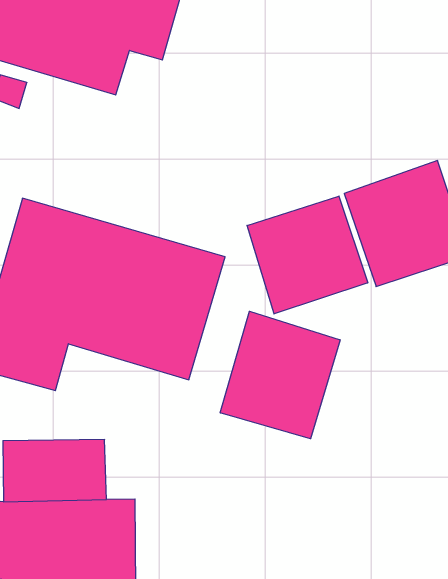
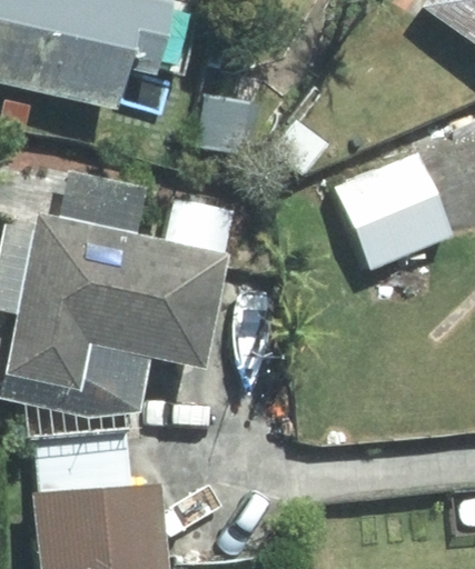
building: [247,196,368,314] -> none
building: [220,311,340,439] -> none

